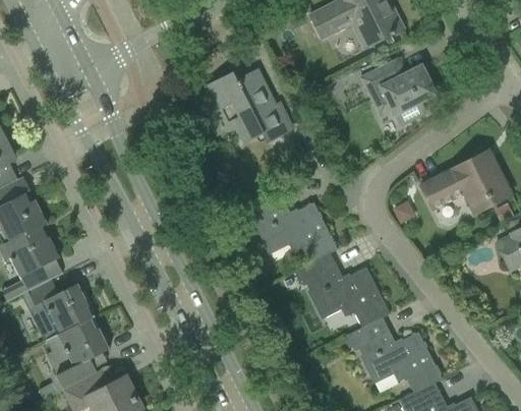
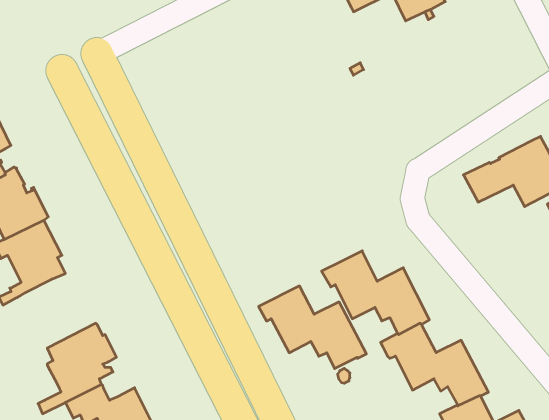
building: [359,61,436,126] -> none
building: [205,71,290,141] -> none
building: [240,188,337,262] -> [259,286,366,369]
building: [26,278,95,340] -> none

